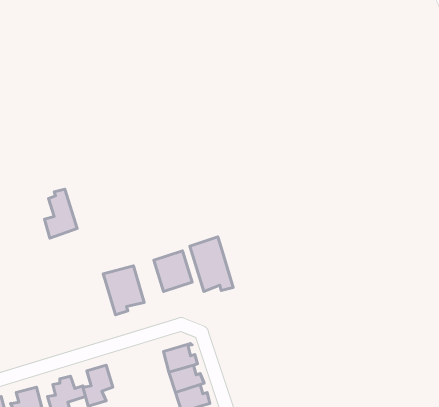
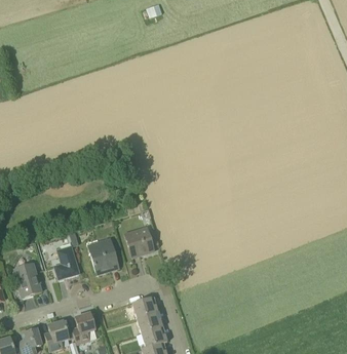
building: [44,189,77,238] -> [54,242,79,279]
building: [190,237,233,292] -> none
building: none -> [14,263,42,296]

